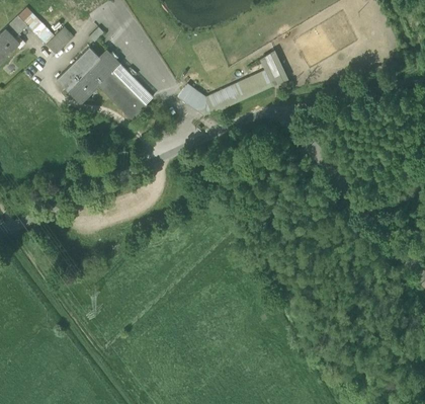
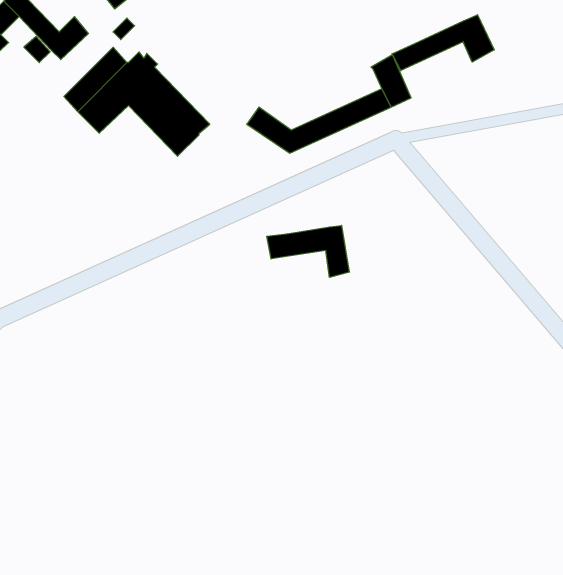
building: none -> [392,15,494,71]
building: none -> [267,225,349,277]

